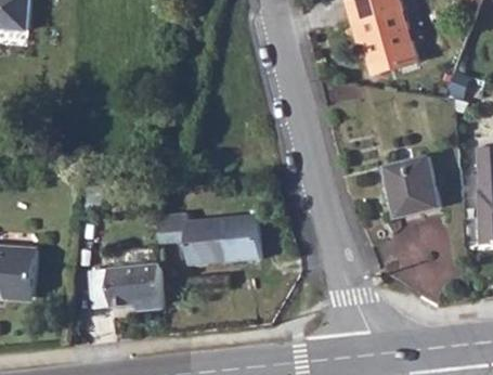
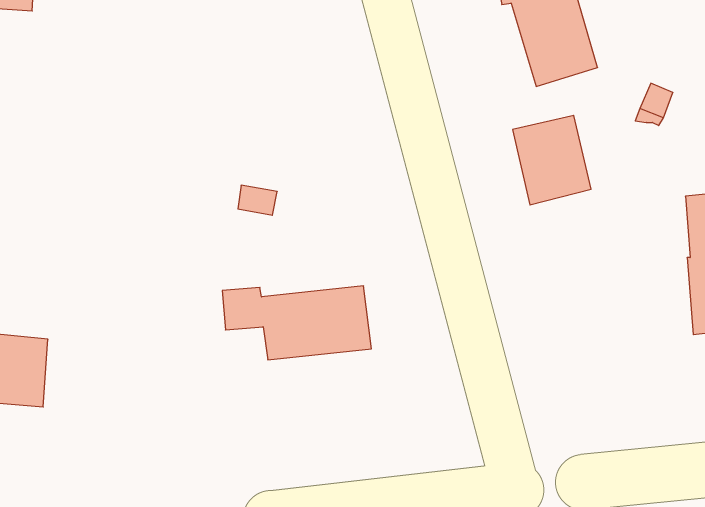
building: [385,159,439,221] -> [513,115,591,205]
building: [90,263,164,311] -> none

